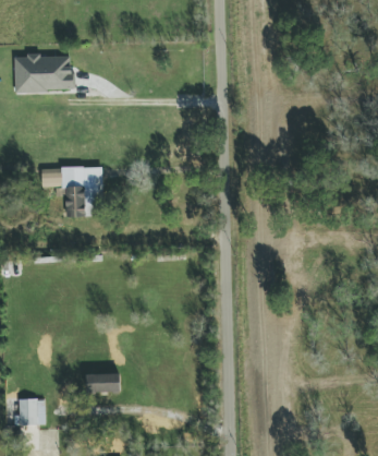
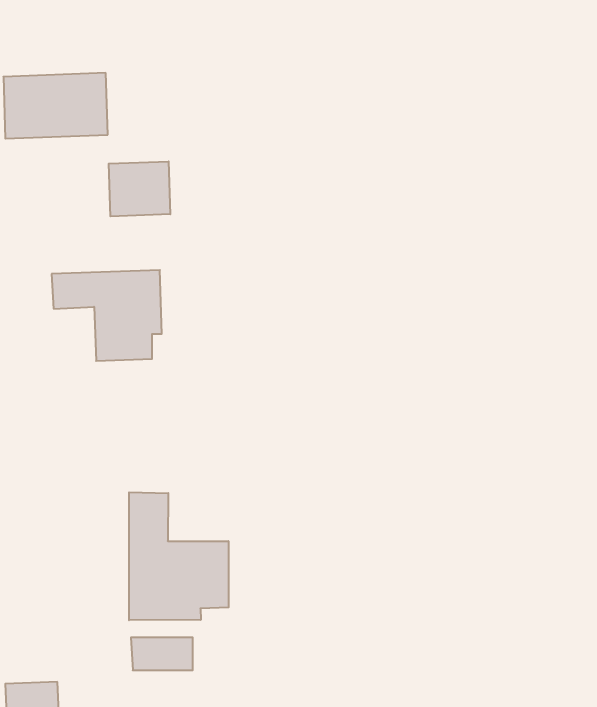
building: none -> [109,161,170,216]
building: none -> [129,492,229,620]

